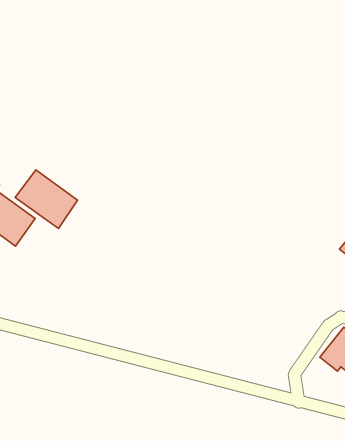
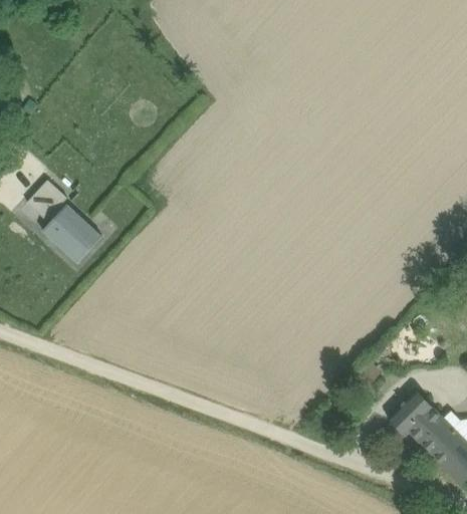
building: [15,170,78,229] -> none

